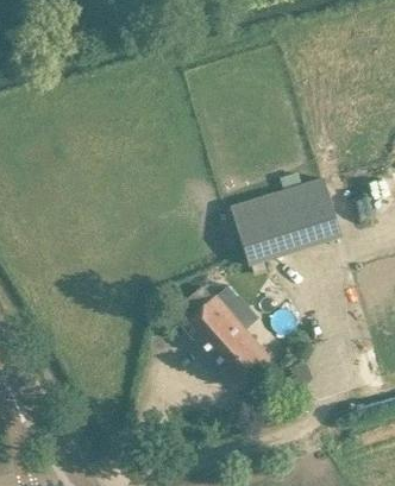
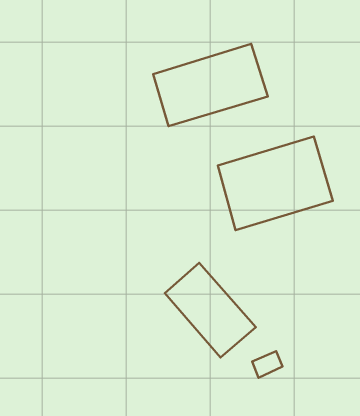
building: none -> [153,44,268,126]

